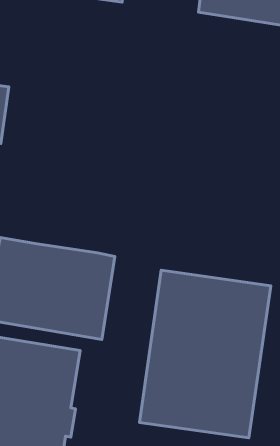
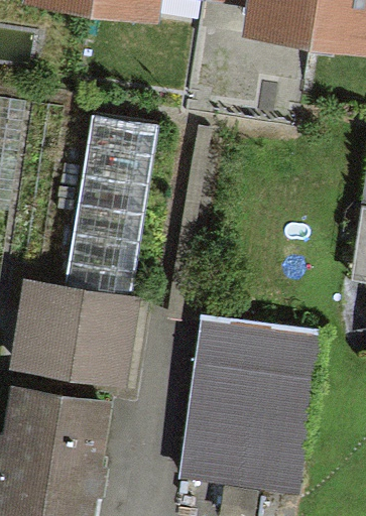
building: none -> [65,115,157,294]

